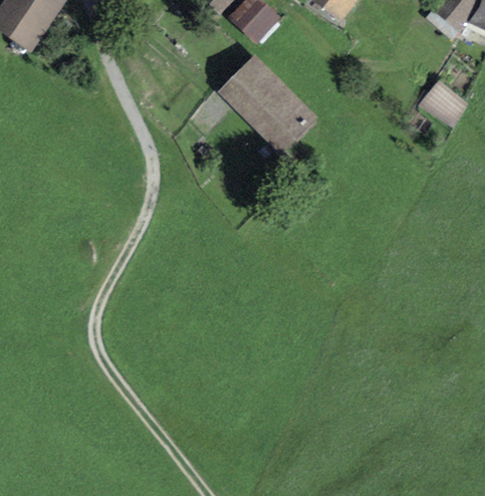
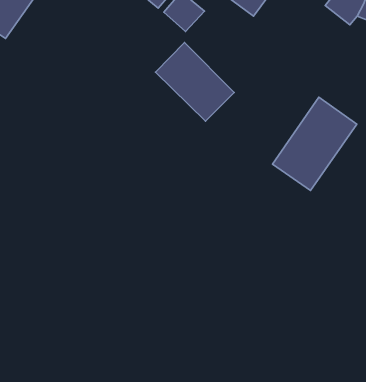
building: [421,78,465,122] -> none
building: none -> [273,97,357,190]

